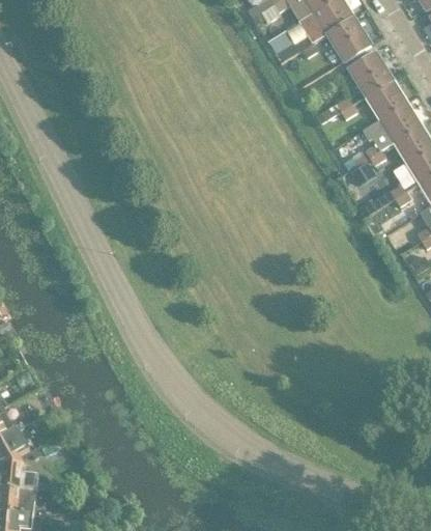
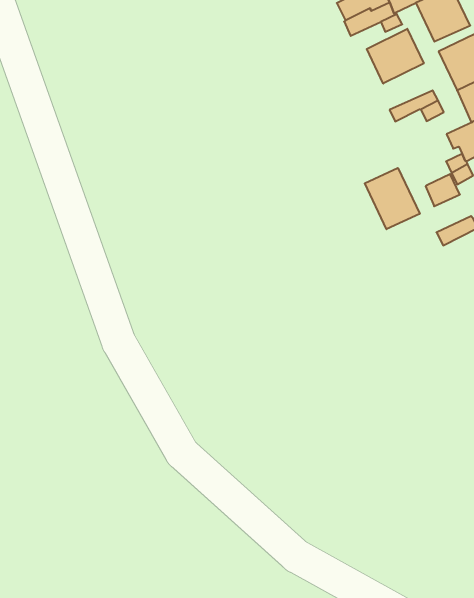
building: none -> [367,29,424,84]
building: none -> [365,168,420,229]

